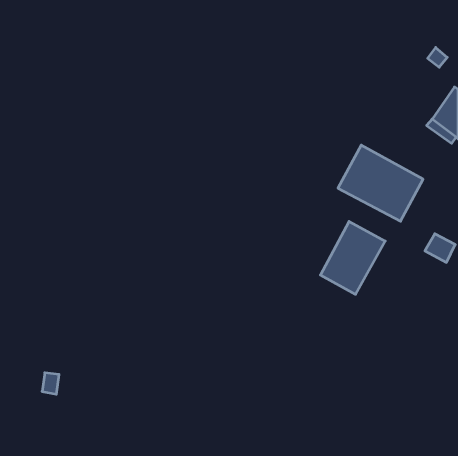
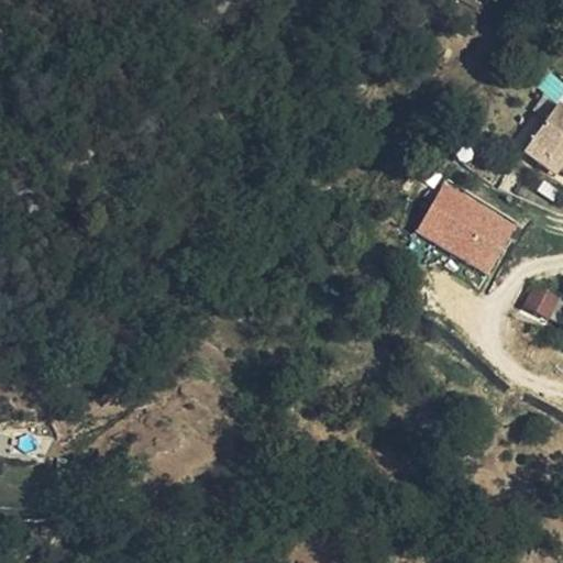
building: [320,221,385,294] -> none

